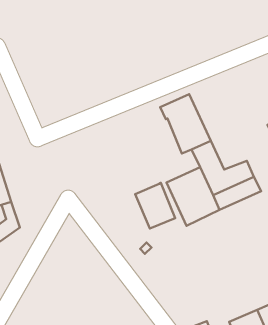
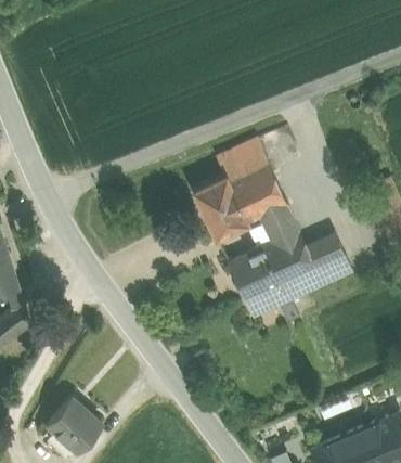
building: [135,183,175,229] -> [194,176,248,237]
building: none -> [48,397,100,449]

